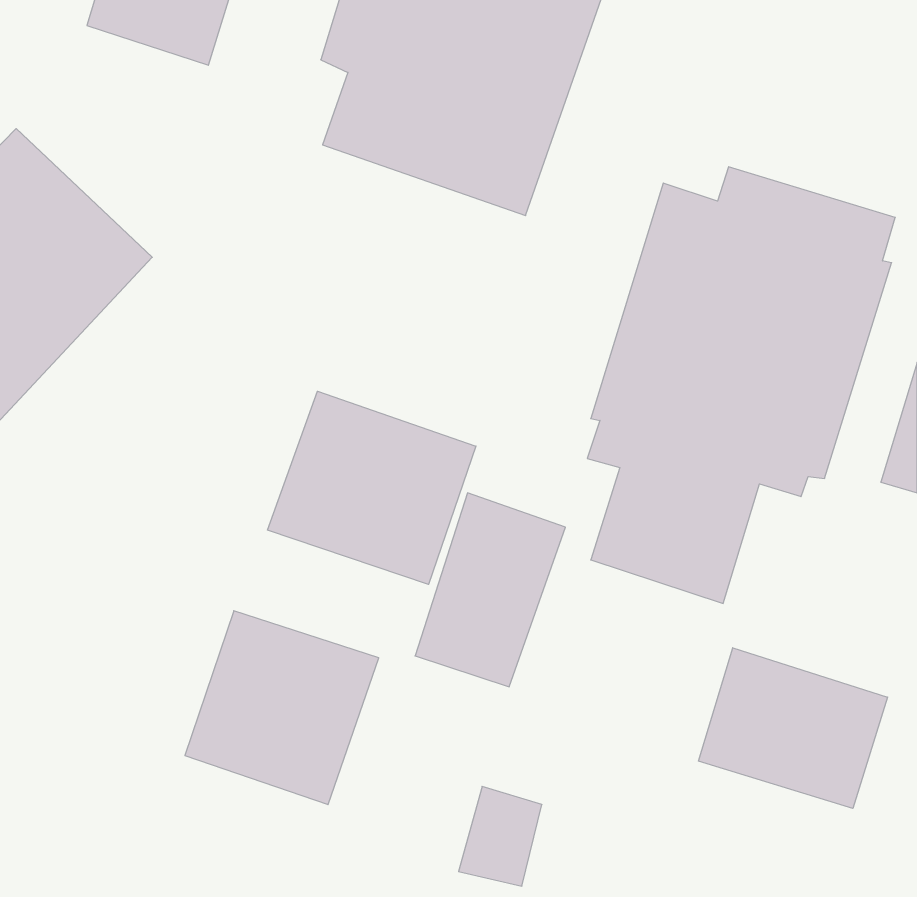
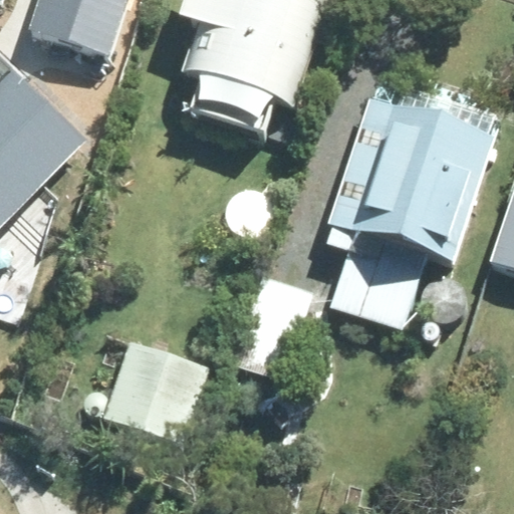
building: [267,391,476,584] -> none
building: [699,648,888,808] -> none

